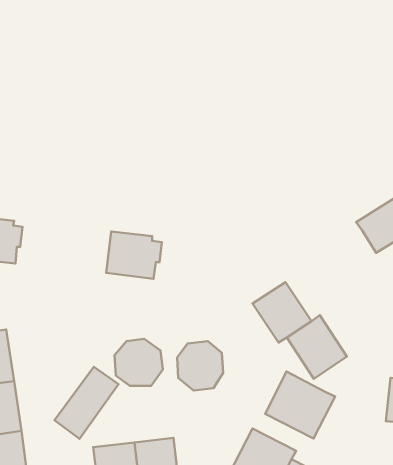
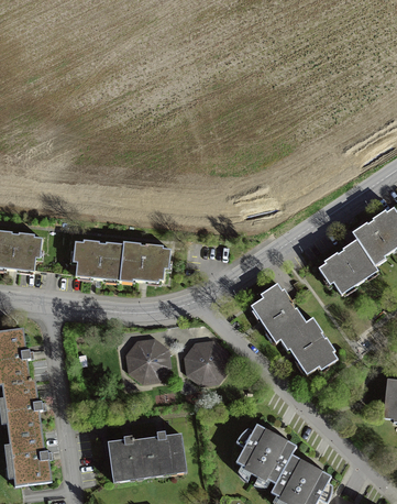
building: none -> [74,237,123,280]
building: none -> [313,240,377,299]
building: [54,367,119,439] -> none
building: [265,372,335,439] -> none

